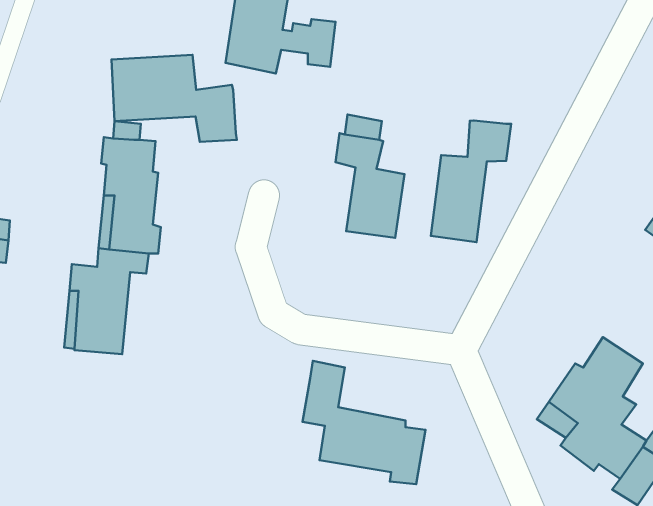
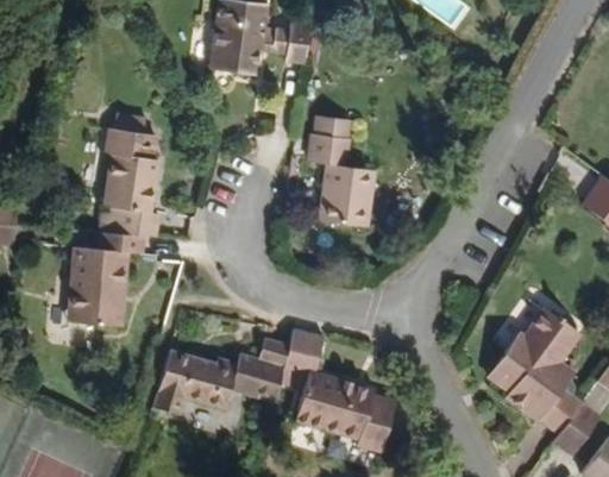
building: [111,55,237,142] -> none
building: [431,120,511,242] -> none
building: none -> [151,339,288,413]

